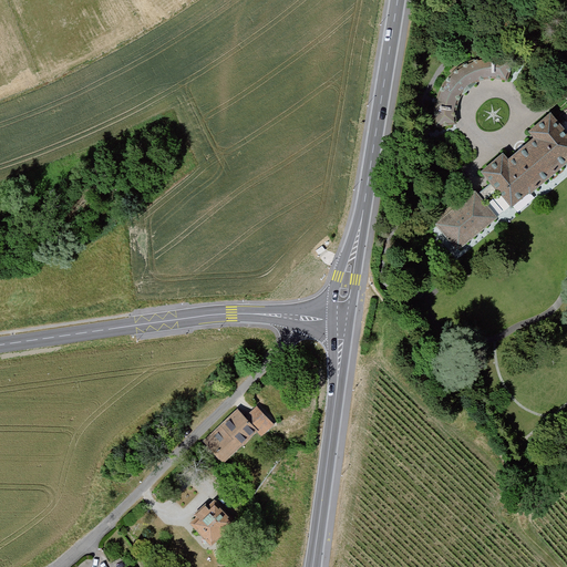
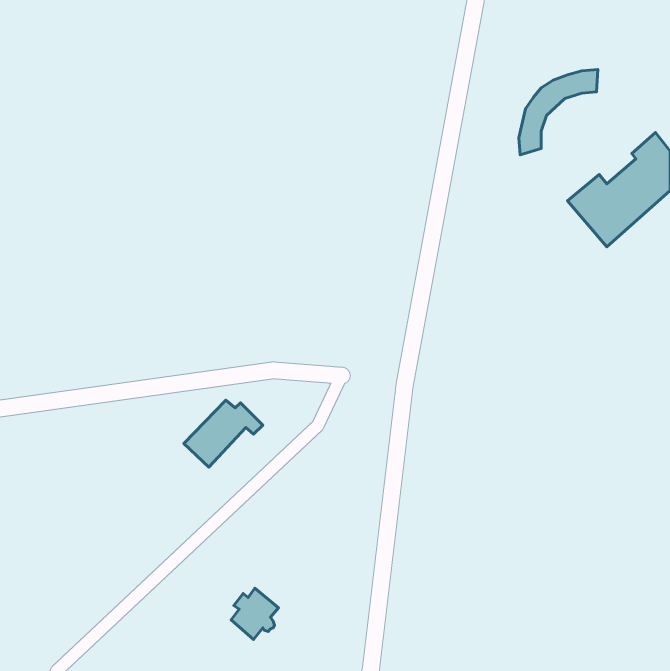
building: [435,188,498,250] -> none
building: [203,406,269,463] -> [184,400,263,467]

